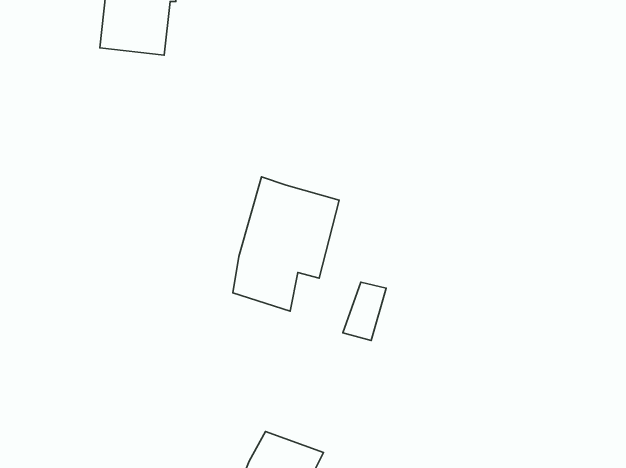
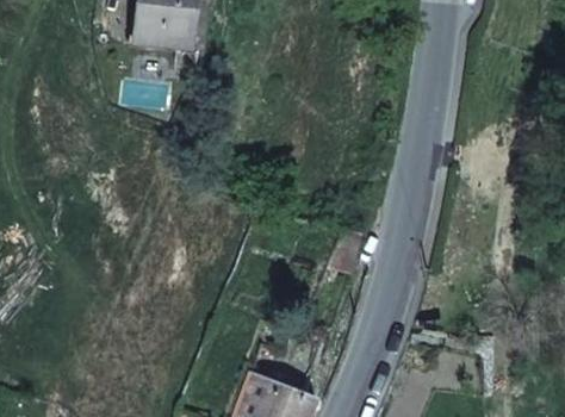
building: [233,177,339,311] -> none

